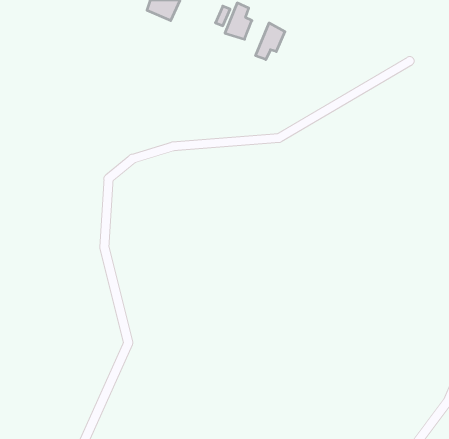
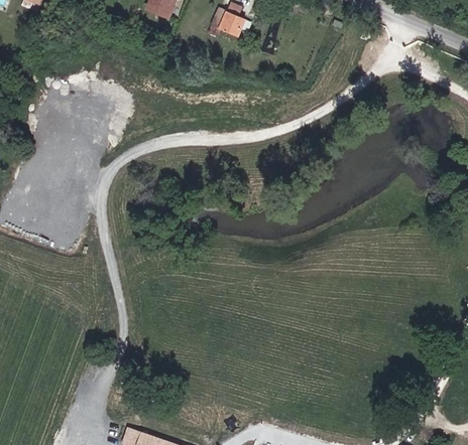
building: [256,23,285,60] -> none

